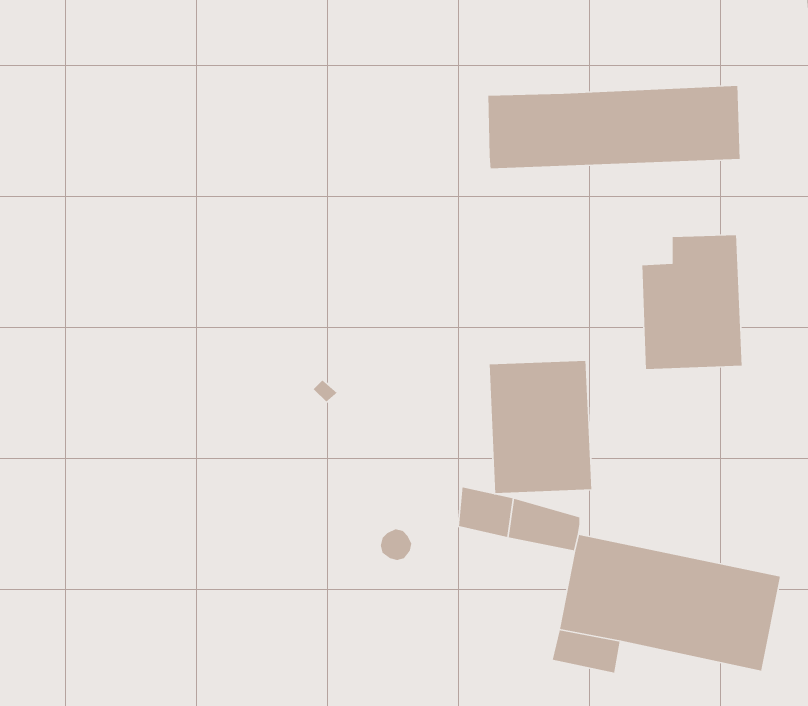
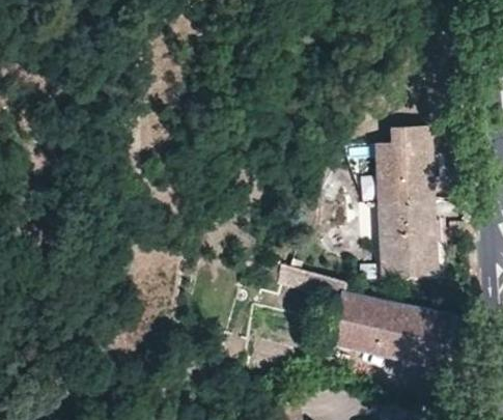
building: [488,85,740,169] -> none
building: [489,360,592,494] -> [379,200,435,273]

